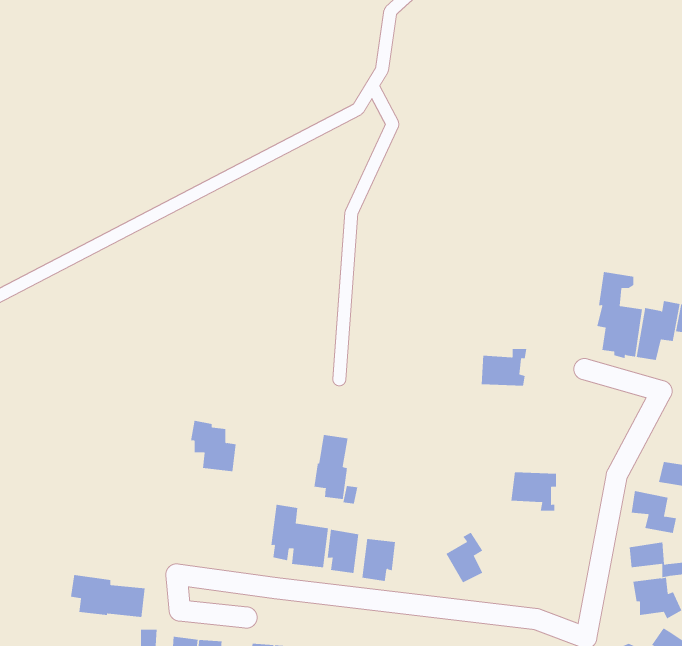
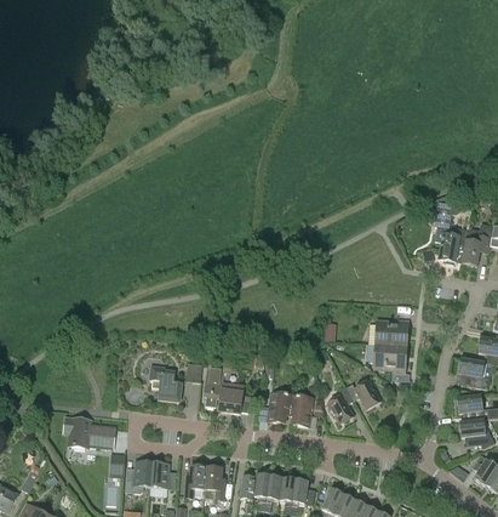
building: [481,348,527,386] -> [376,319,408,346]
building: [190,420,237,472] -> [149,365,182,402]
building: [314,434,348,500] -> none
building: none -> [345,380,380,409]
building: [327,529,359,574] -> [290,394,313,426]

